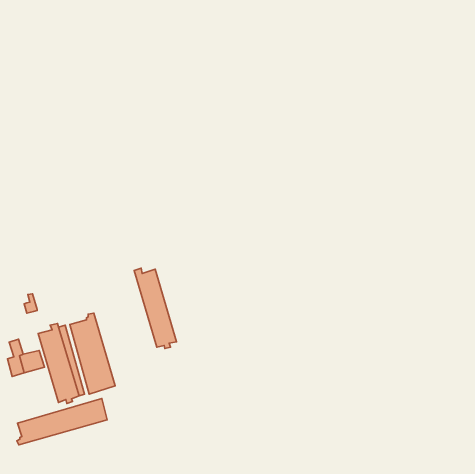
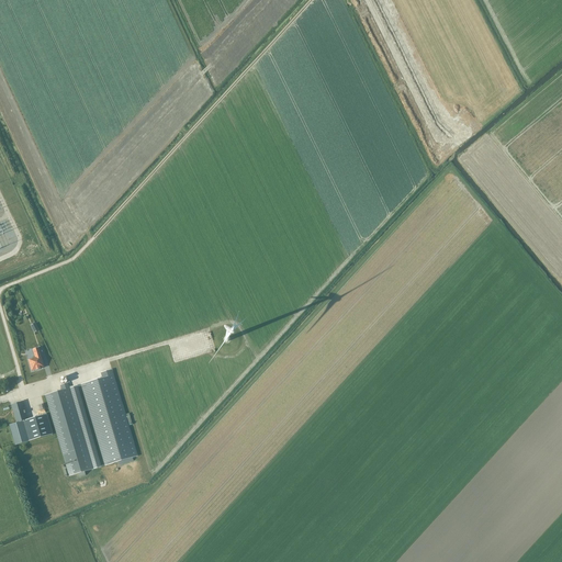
building: [134,268,176,349] -> none
building: [17,398,107,445] -> none

